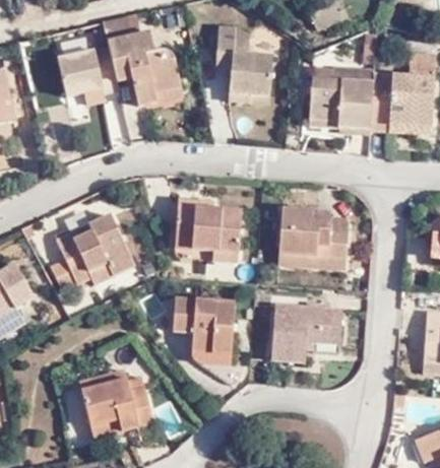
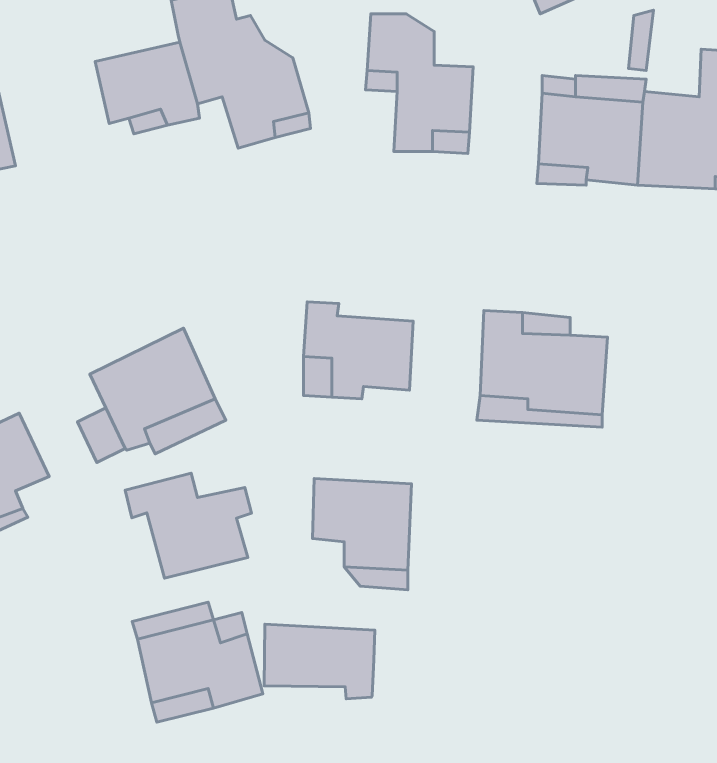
building: none -> [125,473,251,578]
building: [275,305,343,363] -> none
building: none -> [264,624,375,699]

